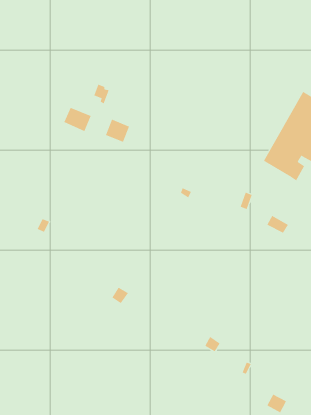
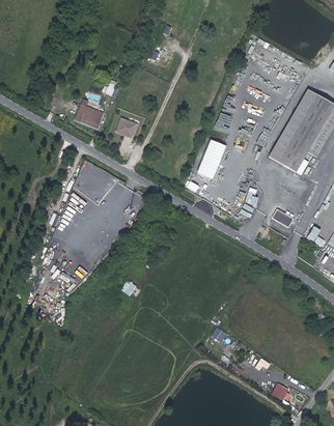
building: none -> [199,139,227,179]

